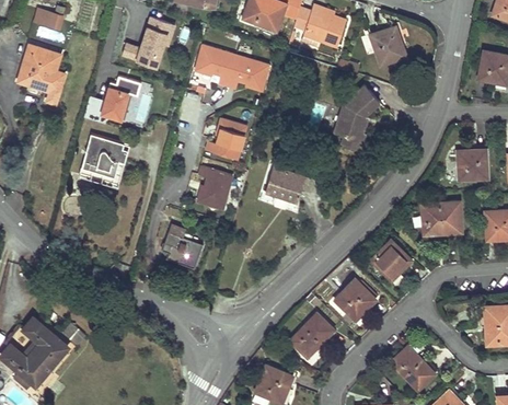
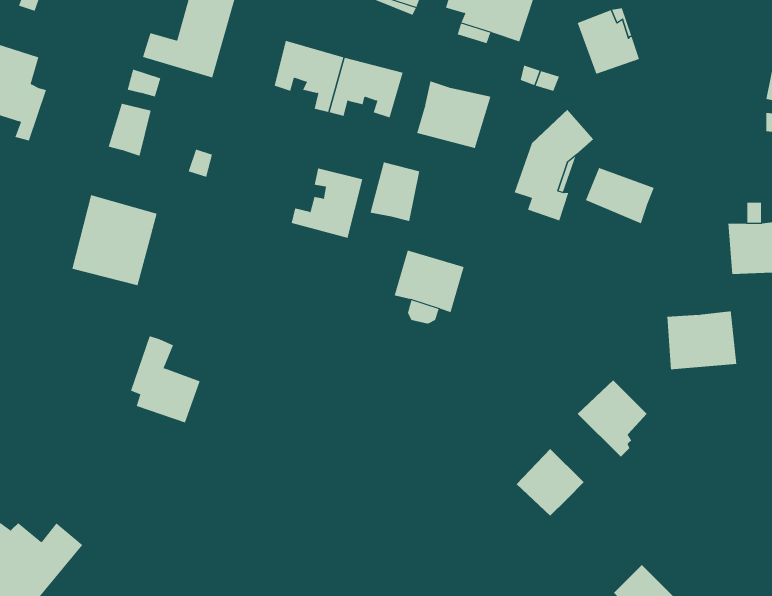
building: none -> [416,80,491,149]
building: none -> [370,161,420,222]
building: none -> [585,167,655,224]
building: [197,166,233,209] -> none
building: [163,219,204,269] -> [130,336,201,423]
building: [290,313,333,357] -> none

